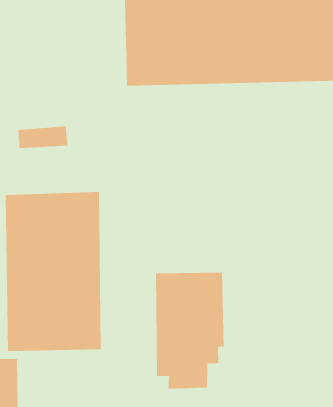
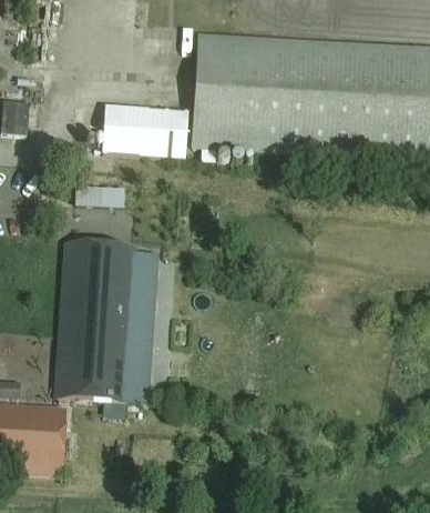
building: none -> [102,103,190,155]
building: [155,272,224,389] -> none

